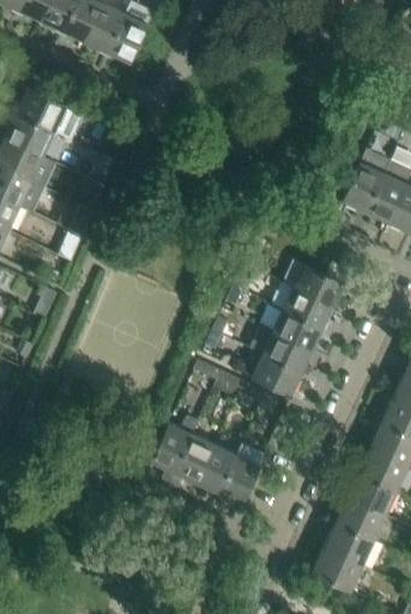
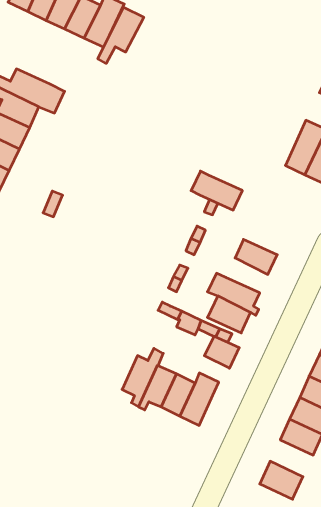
building: none -> [98,7,144,63]
building: [283,260,343,306] -> [191,171,242,210]
building: [272,309,321,350] -> none
building: none -> [204,336,239,368]
building: [324,522,374,565] -> none

